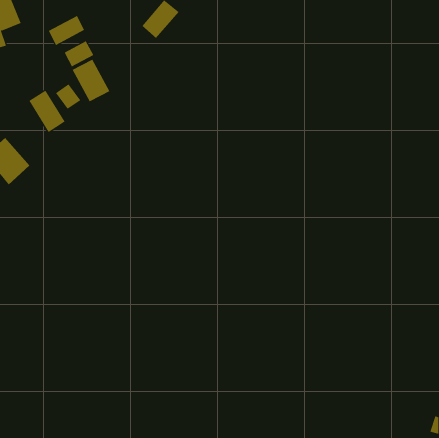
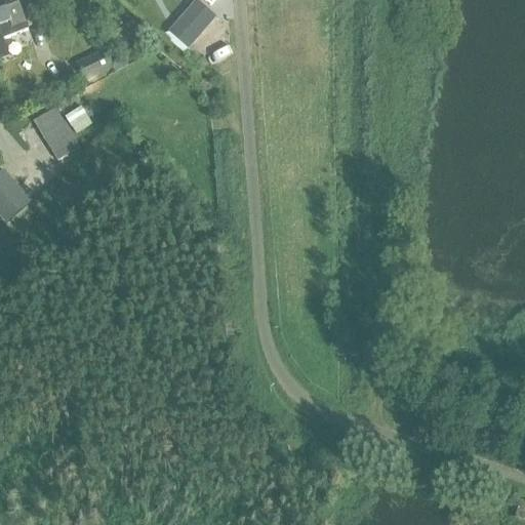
building: [48,15,85,46] -> none
building: [72,59,110,102] -> none

